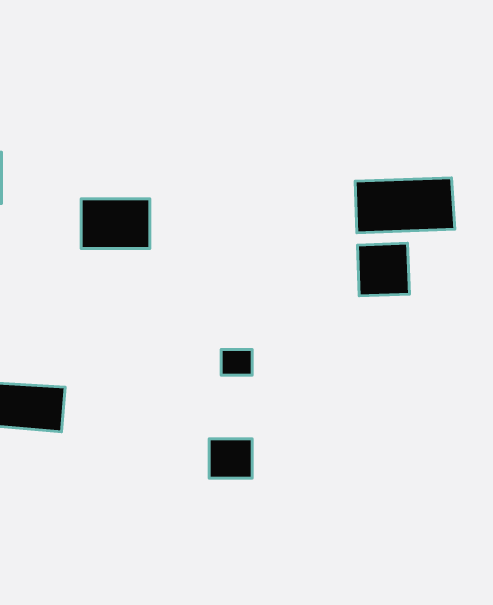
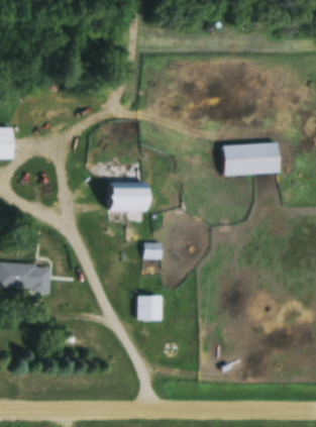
building: [81,199,150,249] -> [109,183,149,212]
building: [358,243,409,296] -> none

